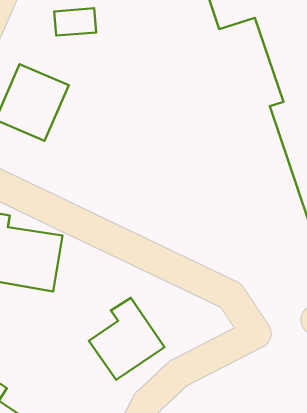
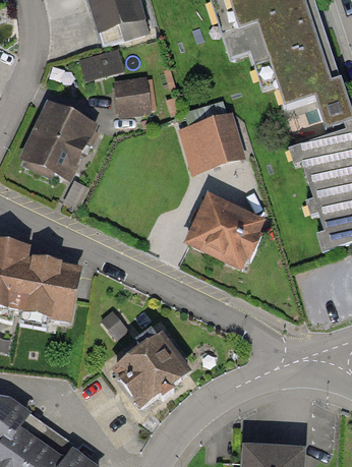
building: none -> [113,75,149,114]
building: none -> [173,98,241,173]
building: none -> [185,192,267,270]

